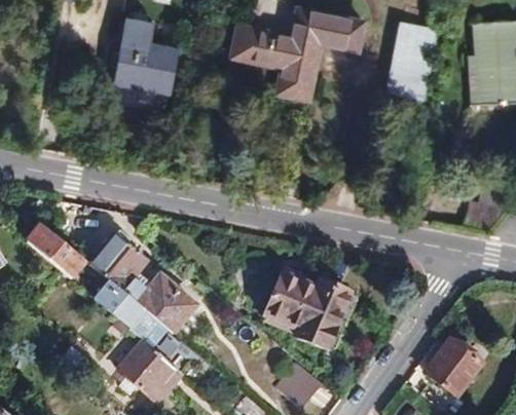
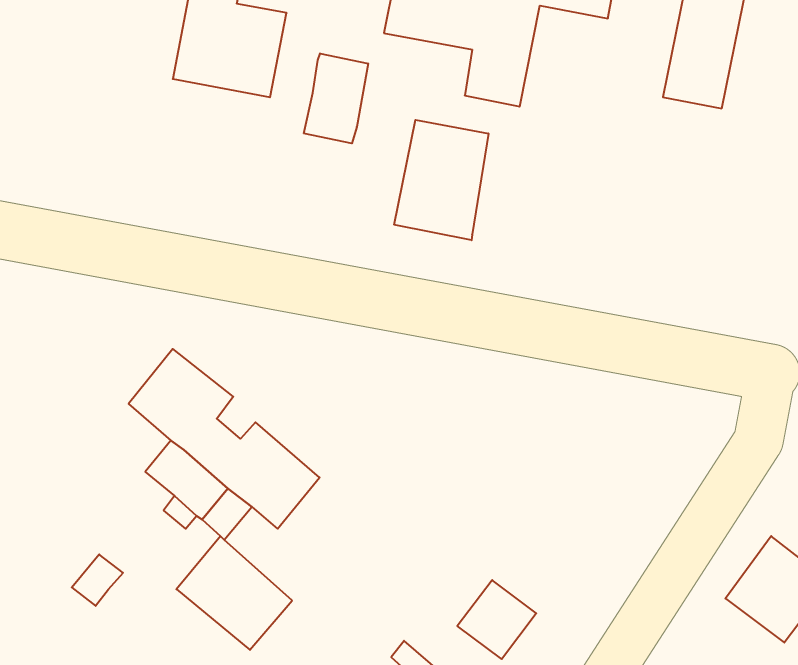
building: none -> [304,53,368,143]
building: none -> [394,120,488,240]
building: [26,223,85,279] -> none
building: [263,272,351,351] -> none

